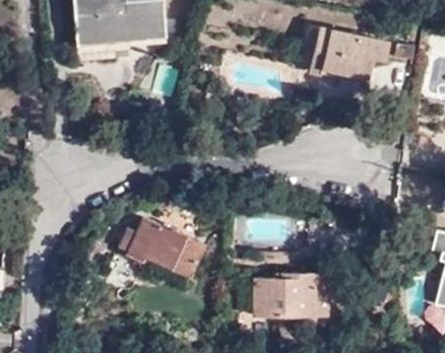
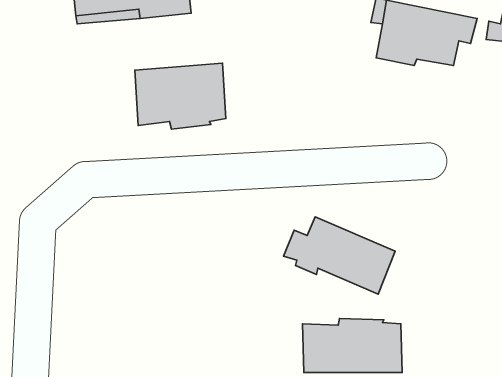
building: none -> [135,63,226,129]
building: [119,218,205,278] -> [284,217,395,294]

